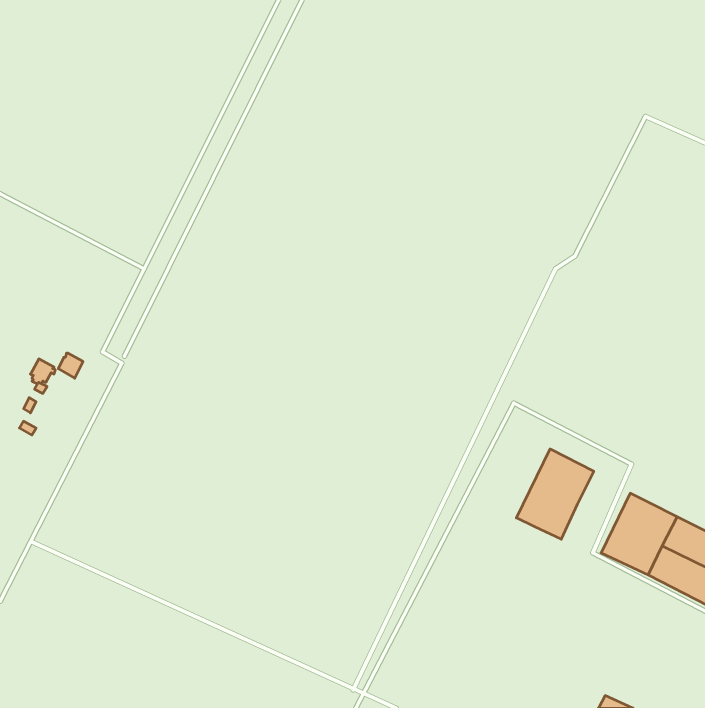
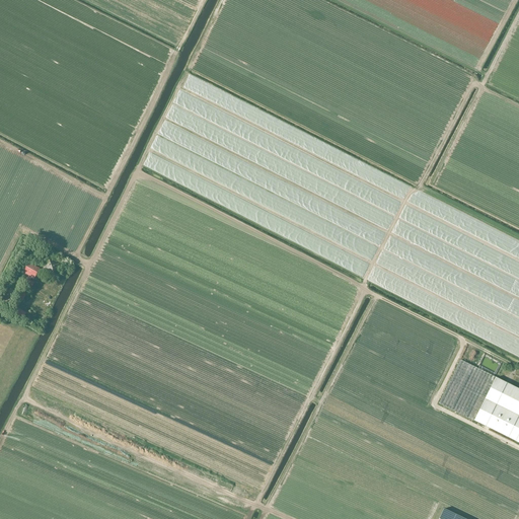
building: [516,449,594,539] -> none

